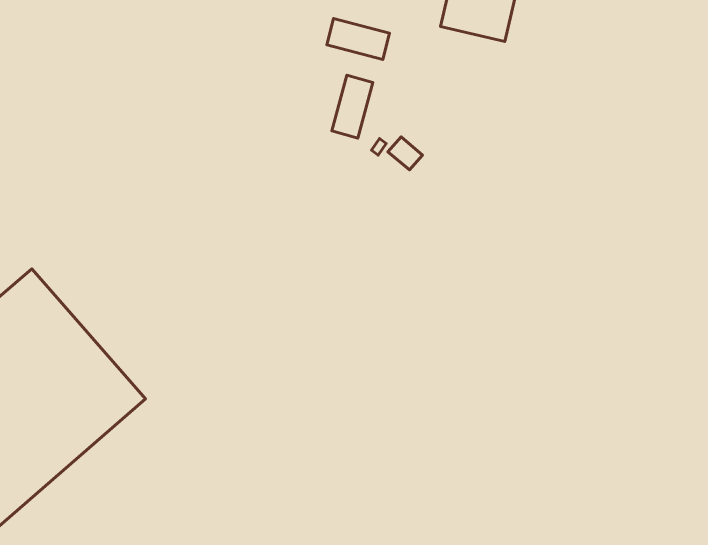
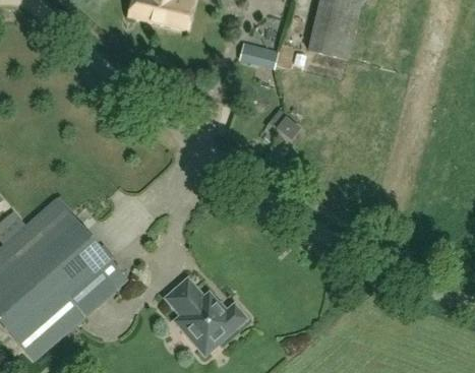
building: [332,75,373,138] -> none
building: none -> [167,279,247,354]

